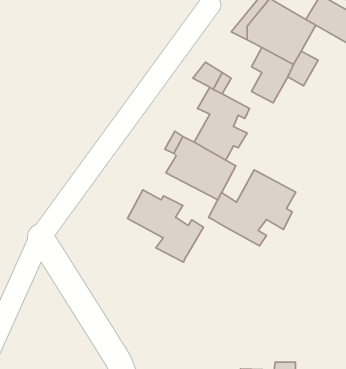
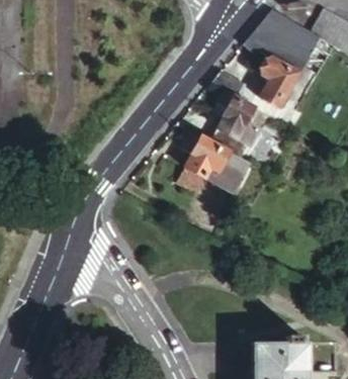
building: [208,170,296,246] -> none
building: [127,190,203,262] -> none

